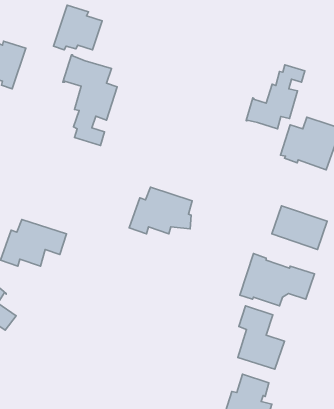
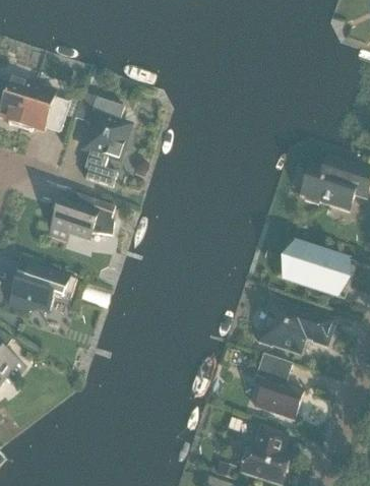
building: [54,5,102,50] -> [18,83,69,130]
building: [246,65,305,129] -> none
building: [129,187,192,234] -> [47,190,113,239]

